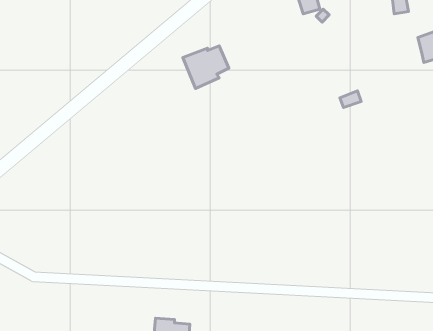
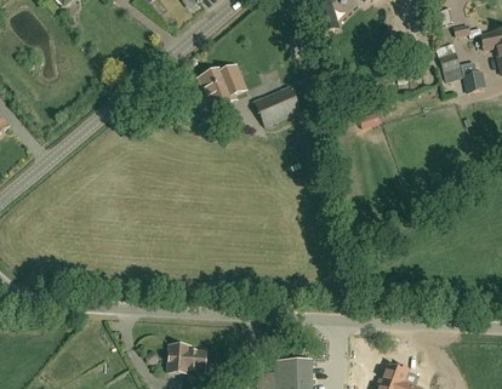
building: none -> [255,85,301,125]

